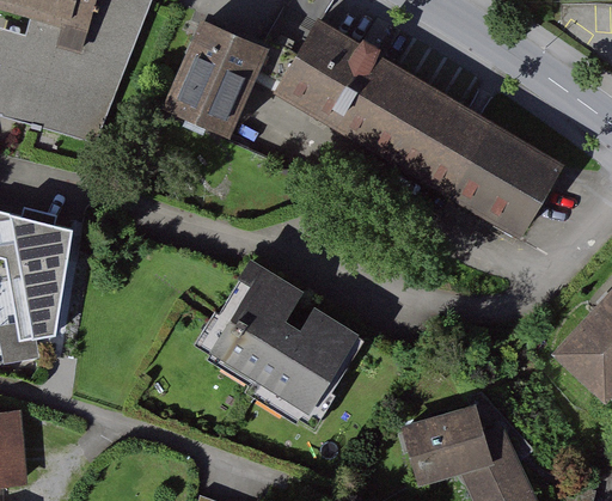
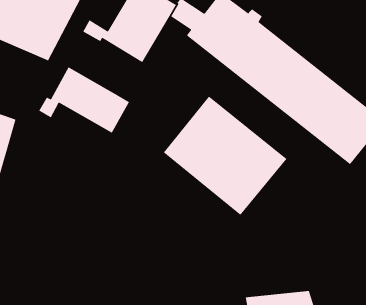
building: none -> [38,66,131,134]
building: [196,263,363,417] -> [163,96,288,216]

